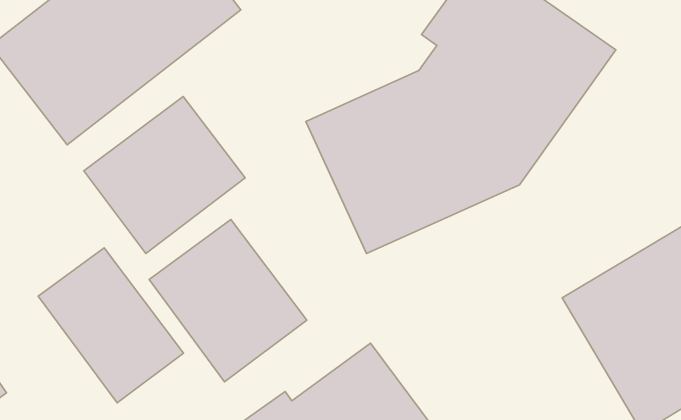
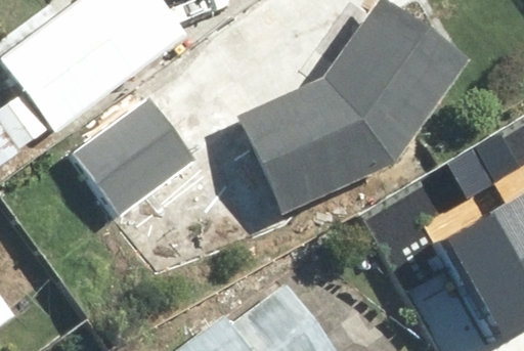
building: [149,219,307,382] -> none
building: [38,248,183,403] -> none

